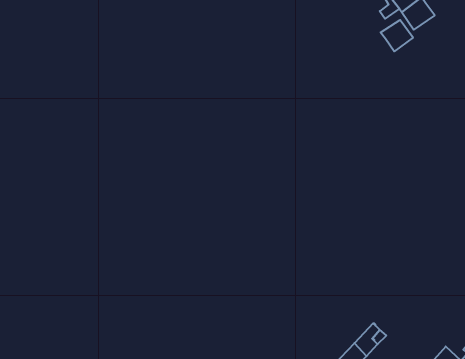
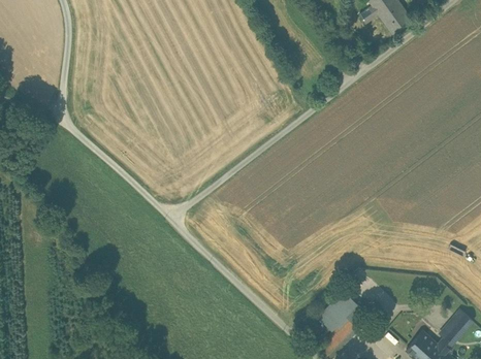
building: [381,20,413,51] -> none

